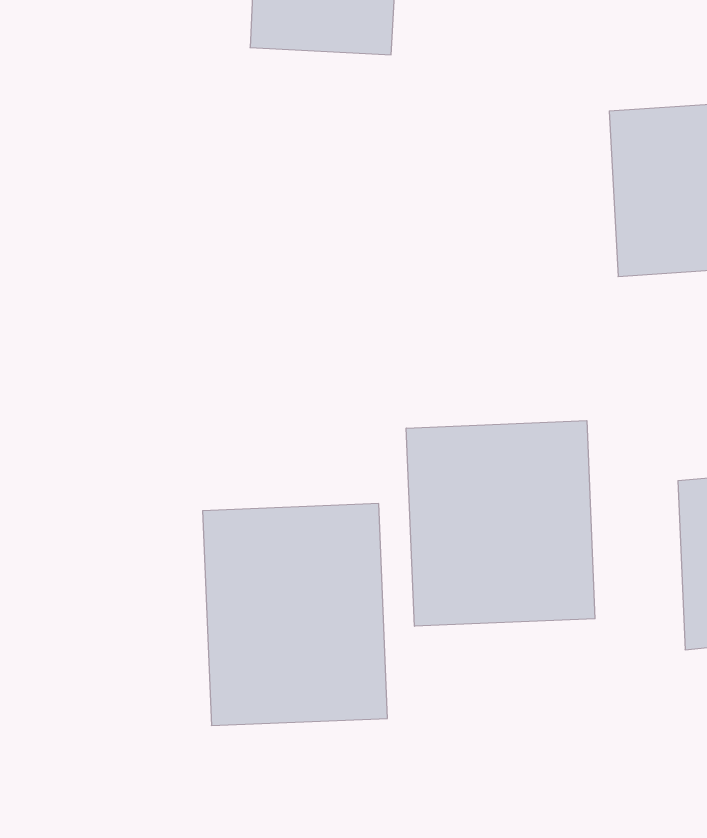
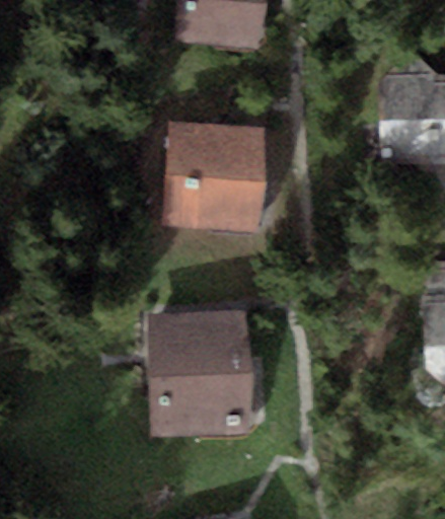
building: none -> [164,119,265,231]
building: [406,421,595,626] -> none

